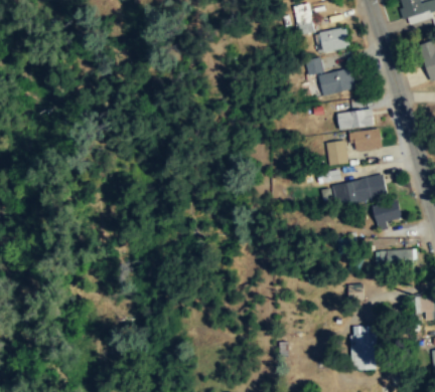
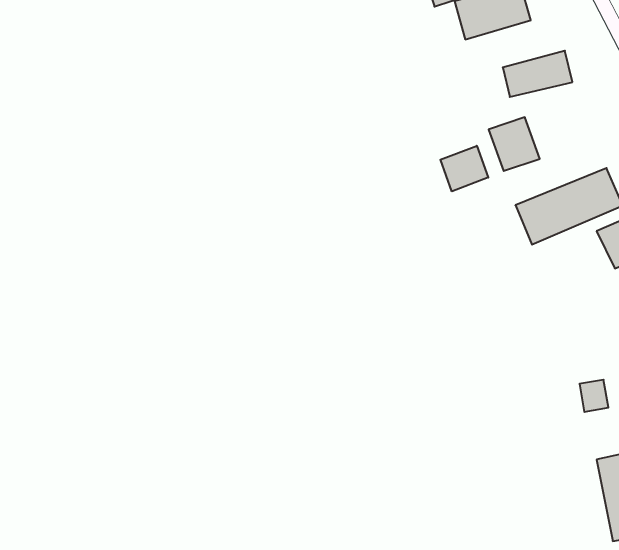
building: [350,130,381,150] -> none
building: none -> [440,146,488,191]

